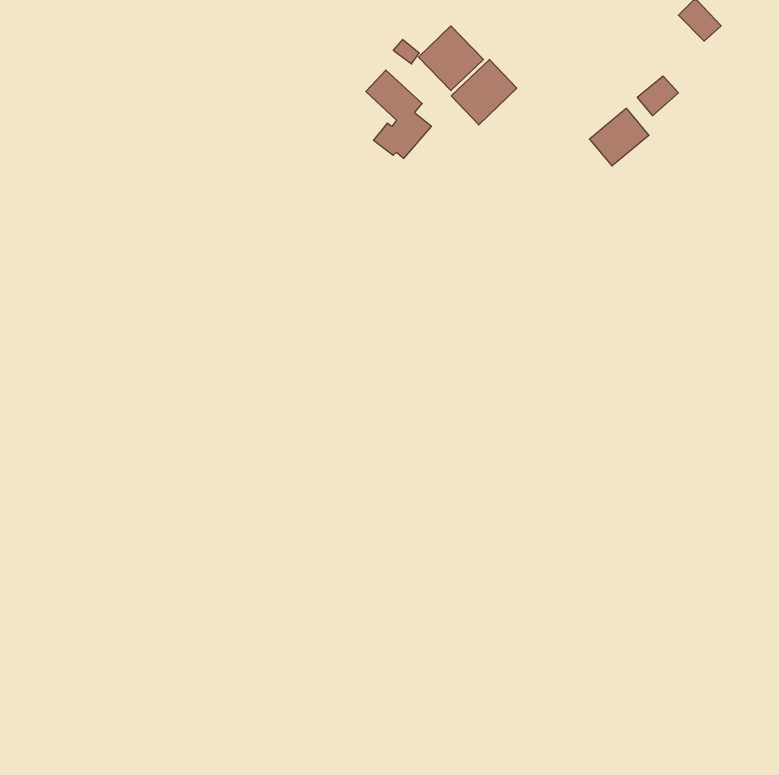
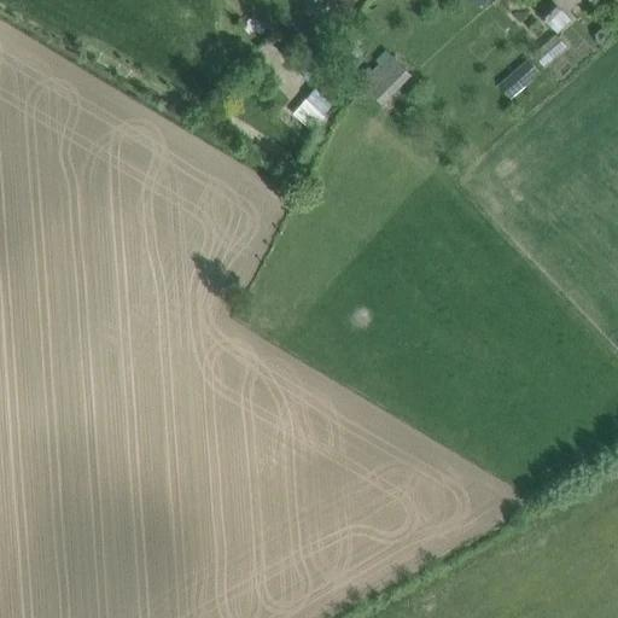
building: [418,26,483,91] -> none
building: [589,108,649,166] -> none

